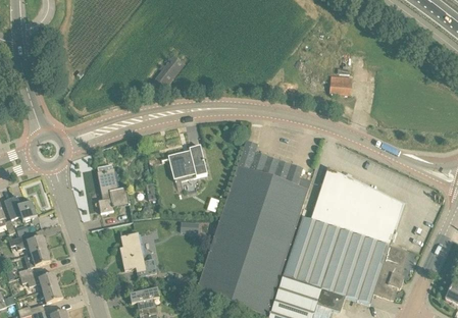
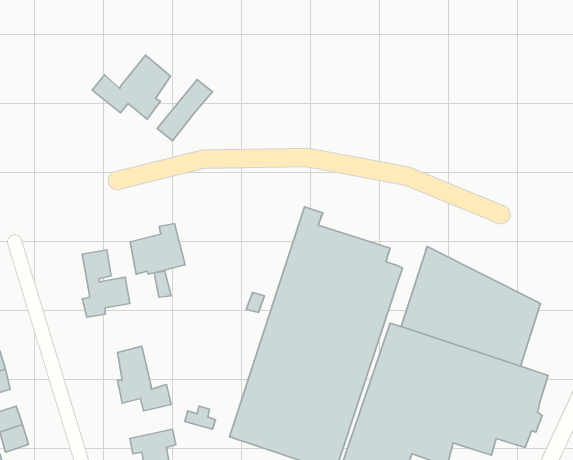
building: none -> [92,55,171,119]
building: [327,75,351,96] -> none
building: [169,146,206,179] -> [130,223,185,274]

